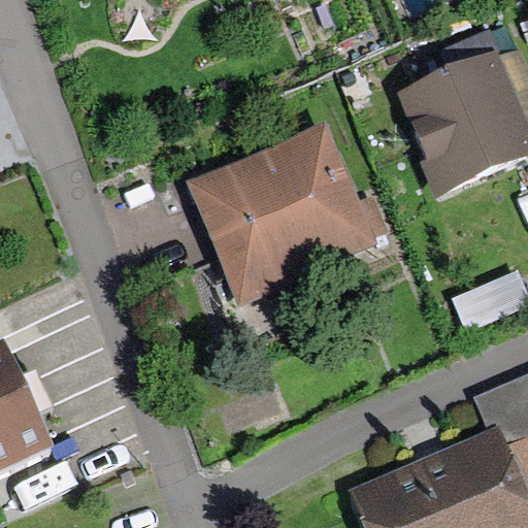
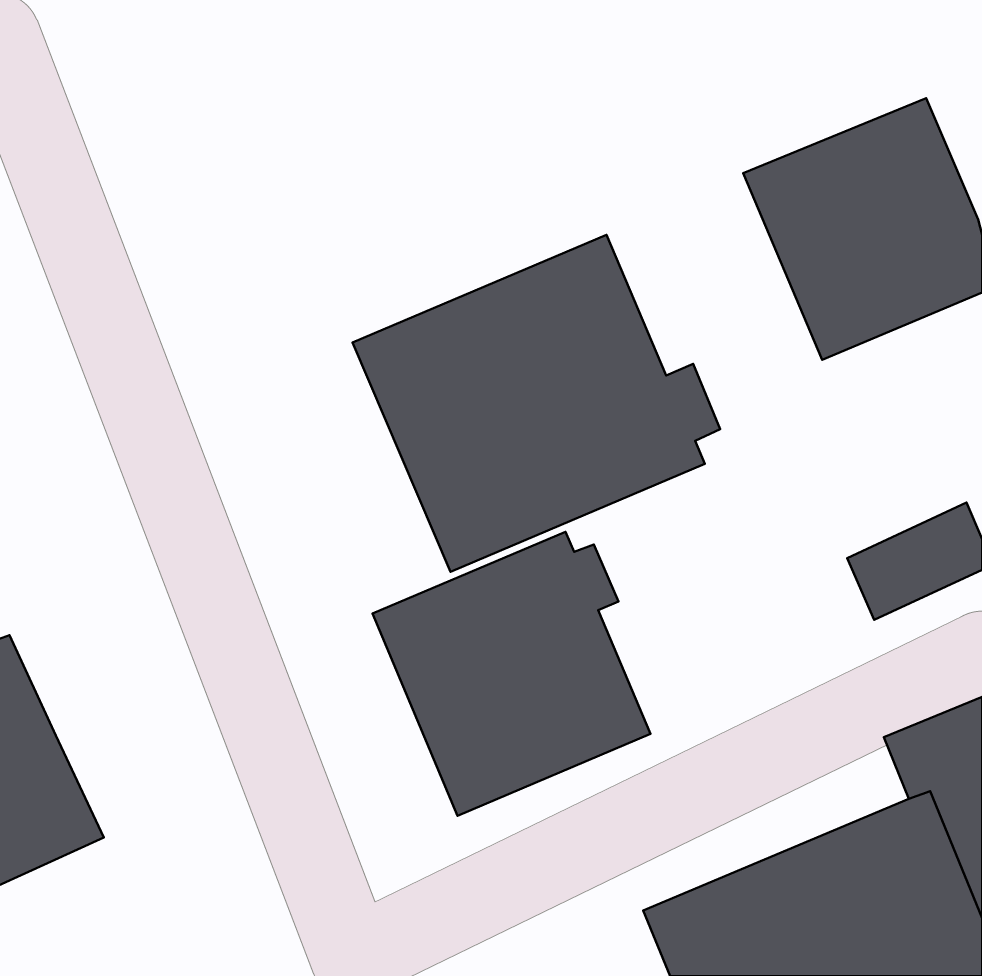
building: none -> [372,532,651,816]

